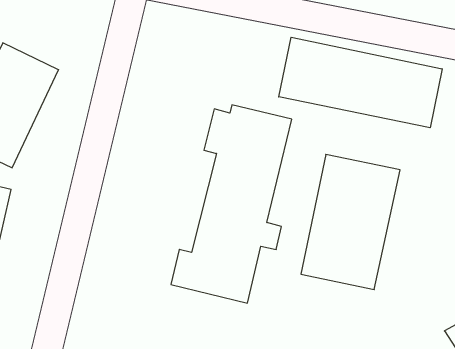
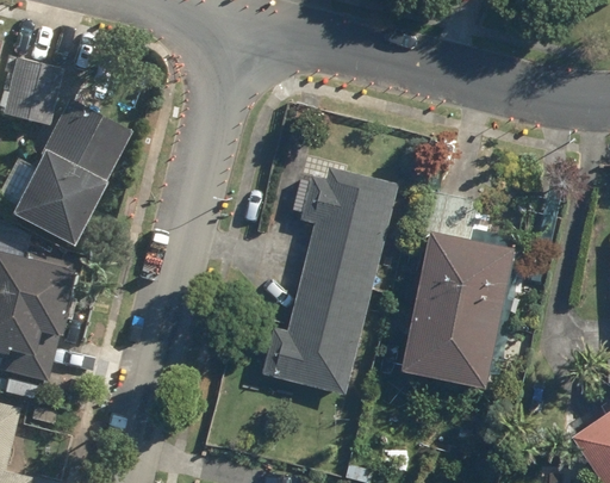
building: [279,37,442,128] -> none

